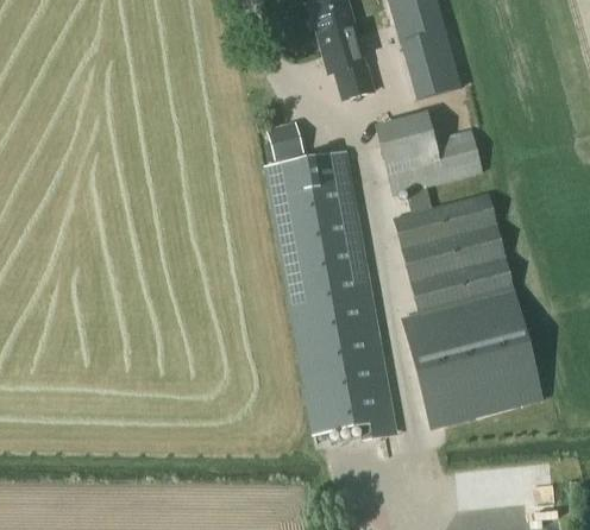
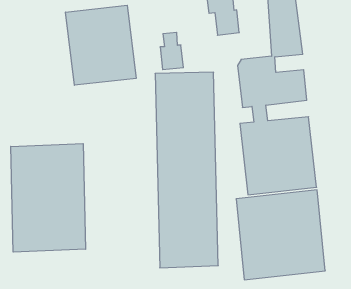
building: none -> [66,5,136,85]
building: none -> [11,144,86,252]

